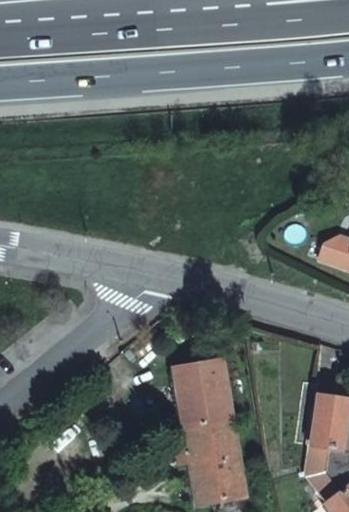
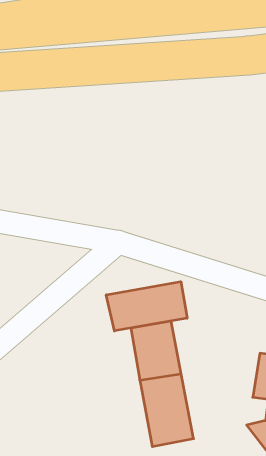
building: none -> [106,282,187,331]

